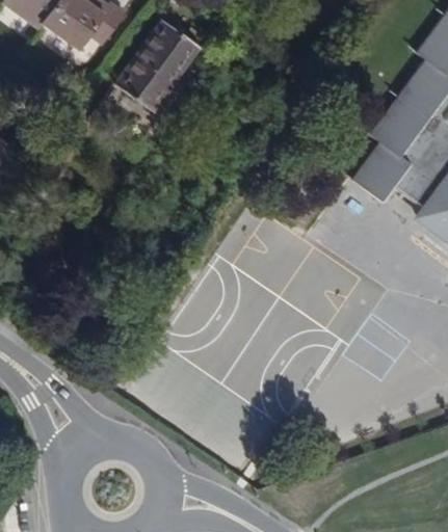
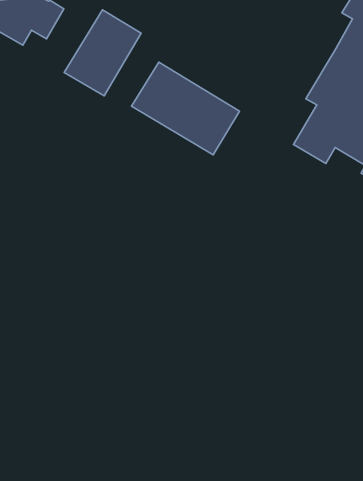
building: none -> [132,62,239,155]

